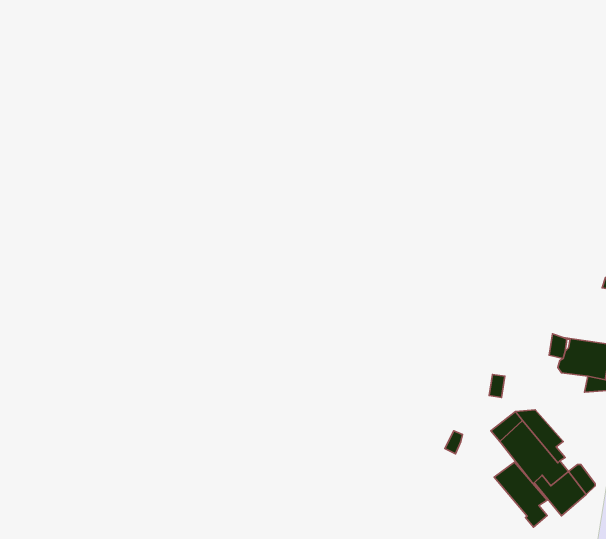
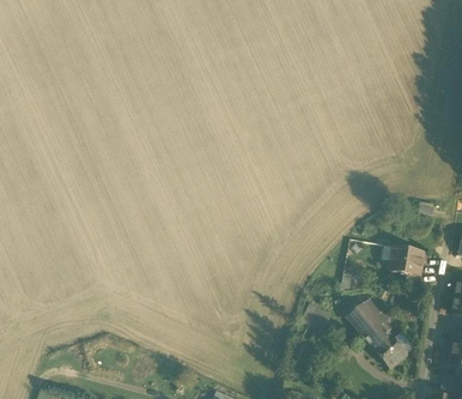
building: [494,462,547,527] -> none

